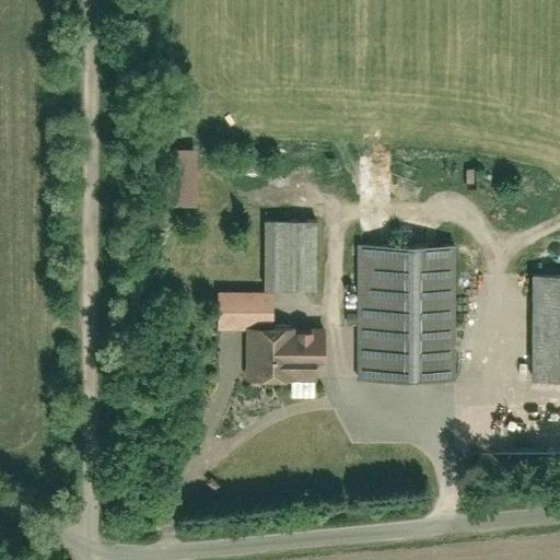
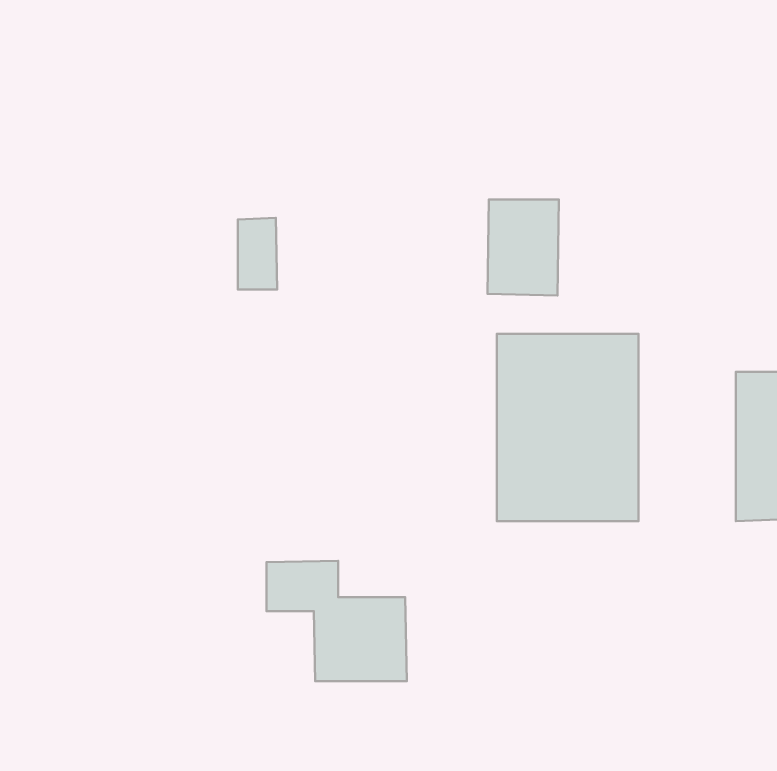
building: [262,221,314,290] -> [487,199,559,295]
building: [219,298,319,384] -> [267,561,407,681]

